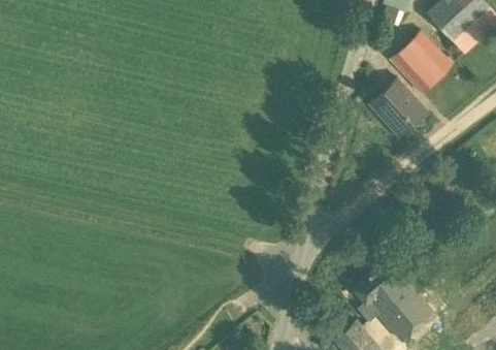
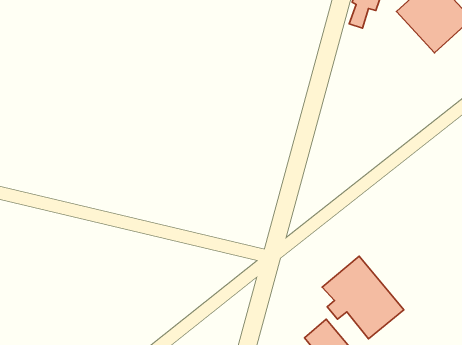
building: [390,33,451,94] -> none
building: [369,78,426,136] -> none

